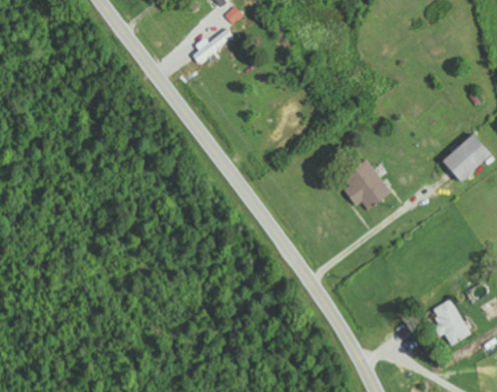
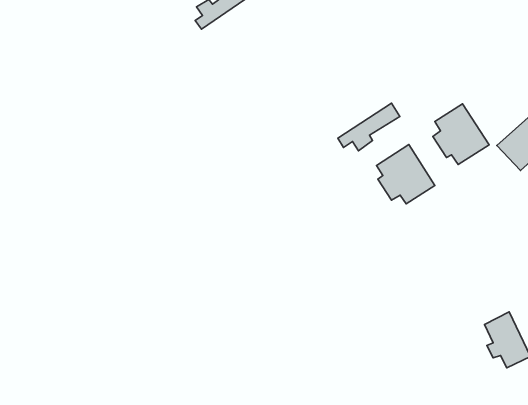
building: none -> [338,103,400,151]
building: none -> [433,104,489,165]

